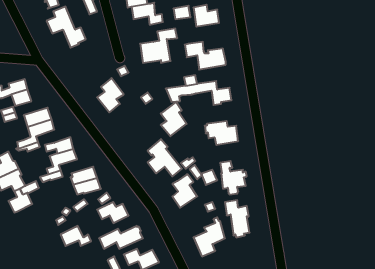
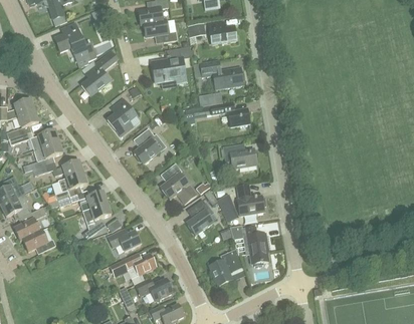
building: none -> [81,50,118,94]
building: [161,102,187,136] -> [133,126,160,163]
building: [61,226,91,246] -> [23,229,55,250]

